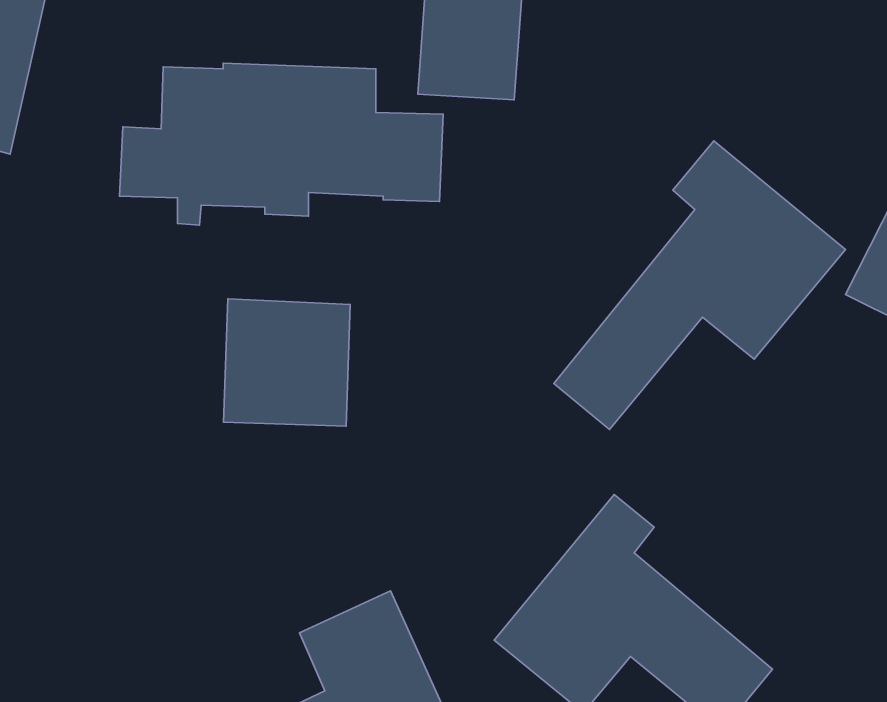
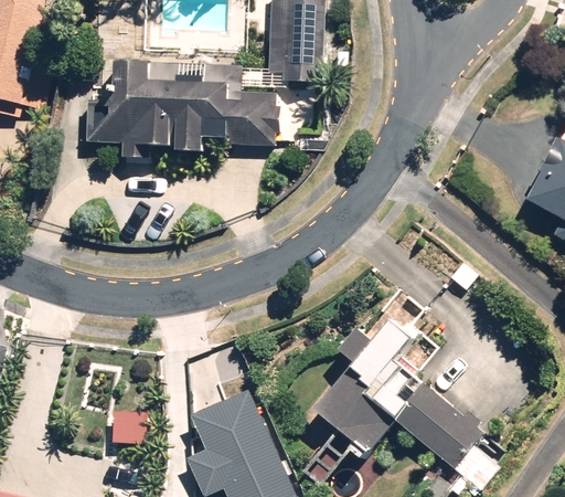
building: [554,141,845,430] -> none
building: [224,299,350,426] -> none

